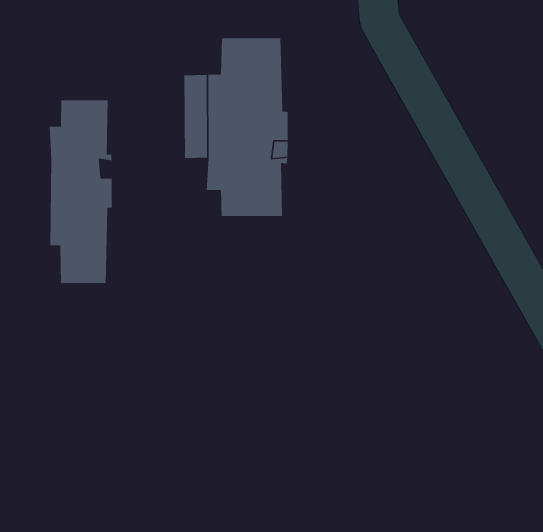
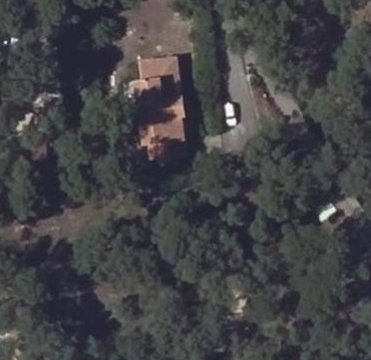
building: [49,100,113,284] -> none

